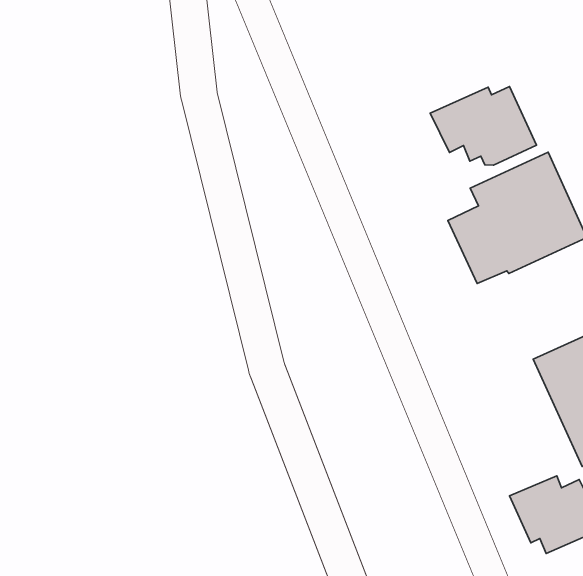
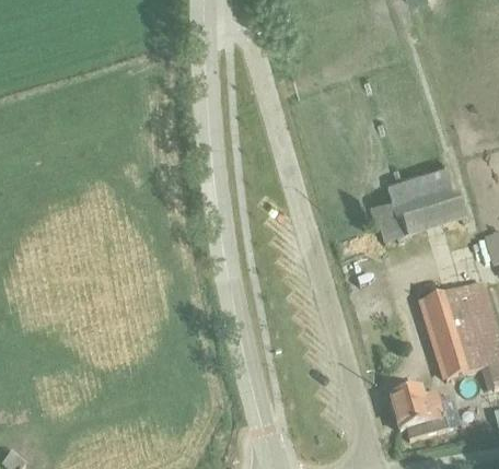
building: [430,87,537,165] -> none

